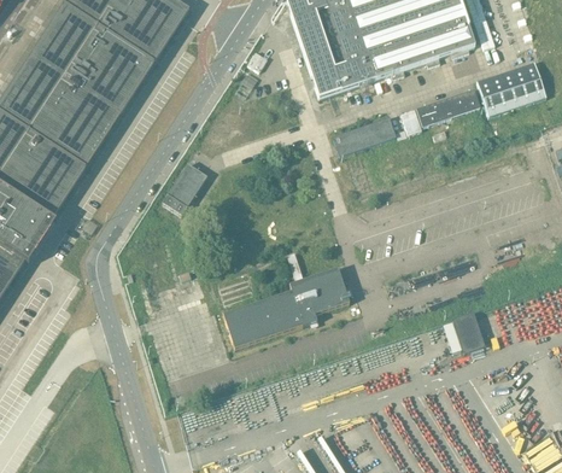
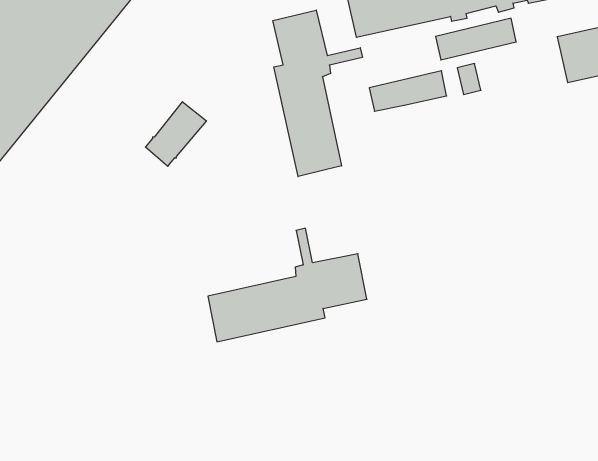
building: none -> [273,10,362,177]
building: [416,87,480,125] -> [436,18,516,60]
building: [452,311,484,351] -> none

